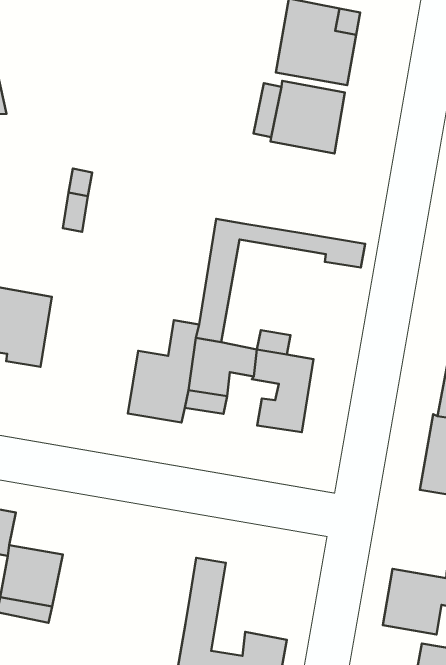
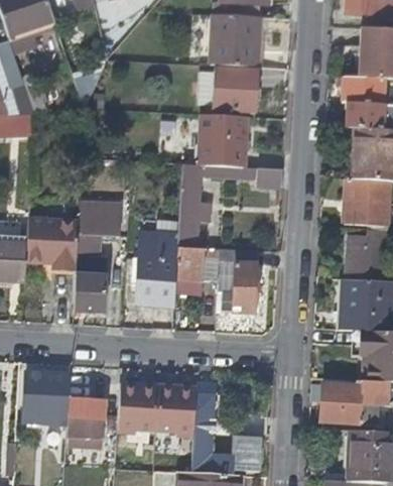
building: none -> [200,114,244,168]
building: none -> [75,200,123,311]
building: none -> [117,388,194,437]

